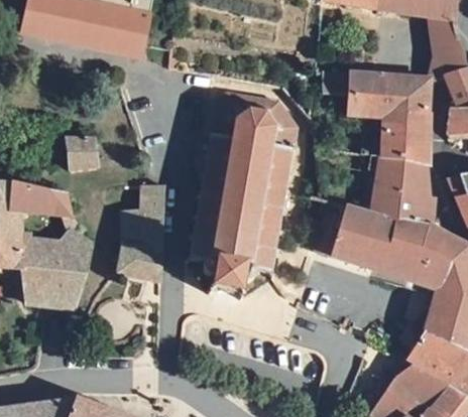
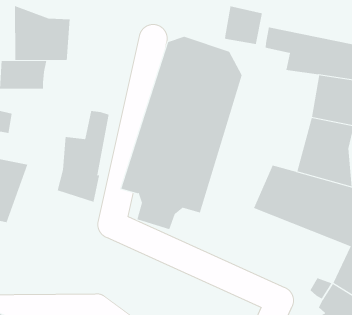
building: none -> [223,6,263,45]
building: none -> [14,5,70,61]

